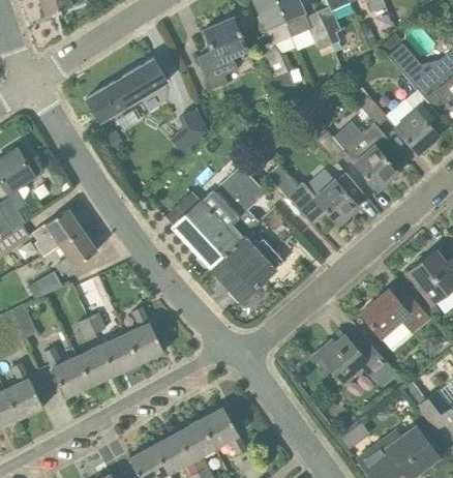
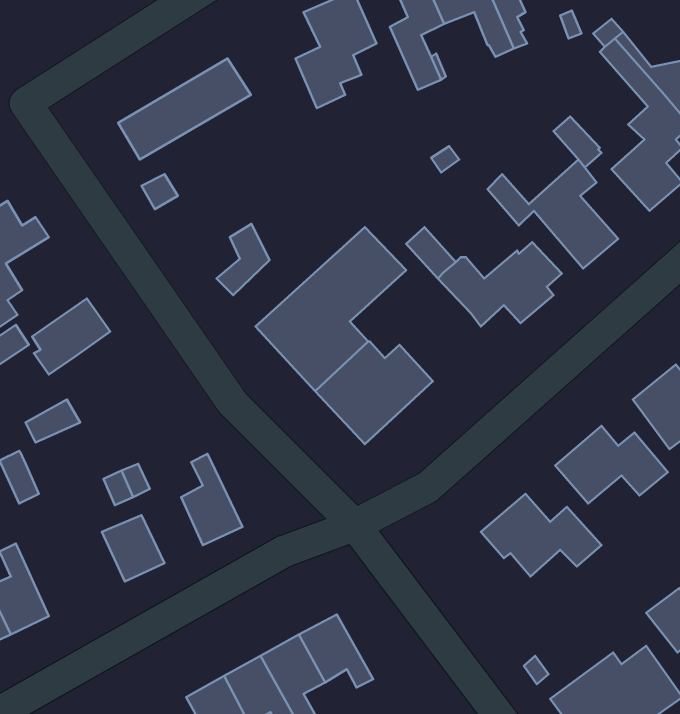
building: [173,112,206,156] -> [217,224,270,295]
building: [55,230,95,274] -> none
building: [100,333,139,375] -> none
building: [44,348,90,397] -> none

